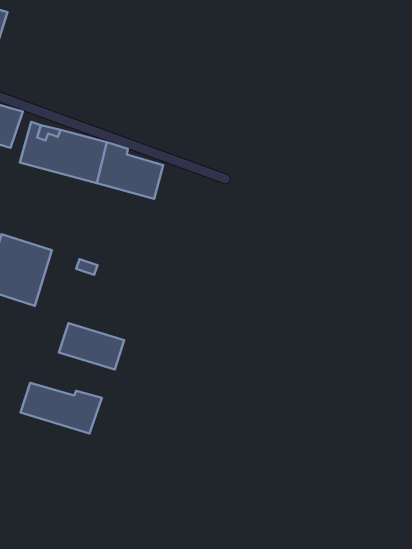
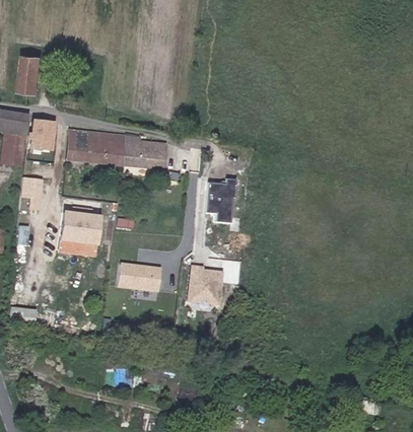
building: none -> [207,179,230,213]
building: none -> [187,267,222,305]
building: [21,383,102,434] -> none

